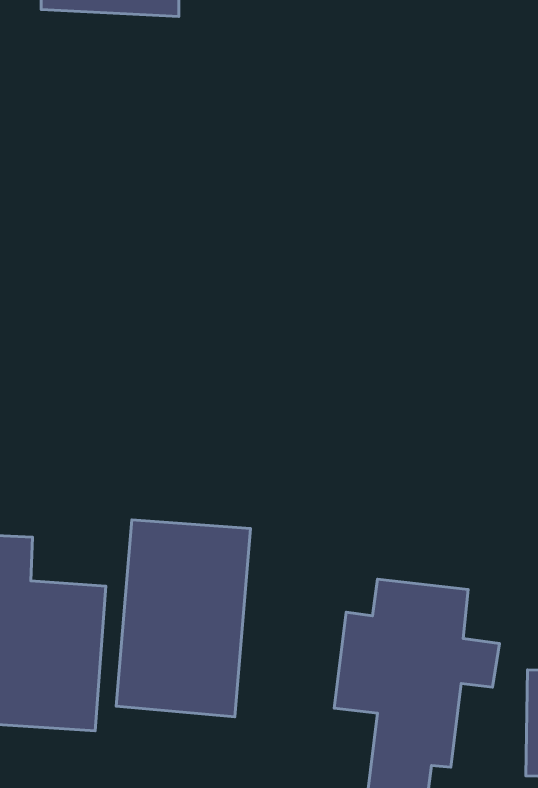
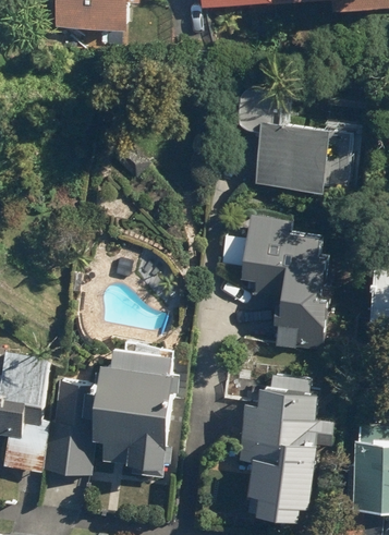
building: none -> [256,115,350,193]
building: none -> [241,214,327,354]

